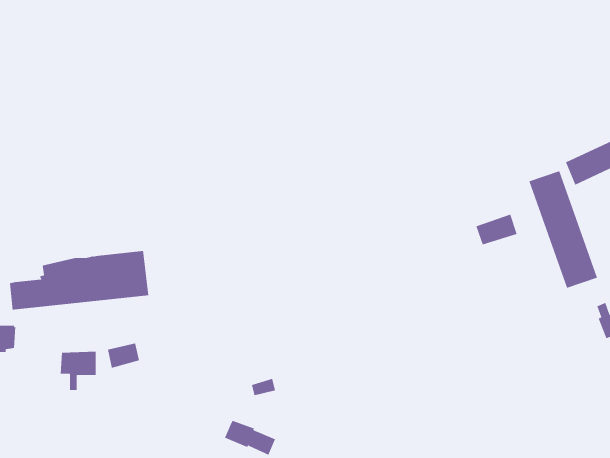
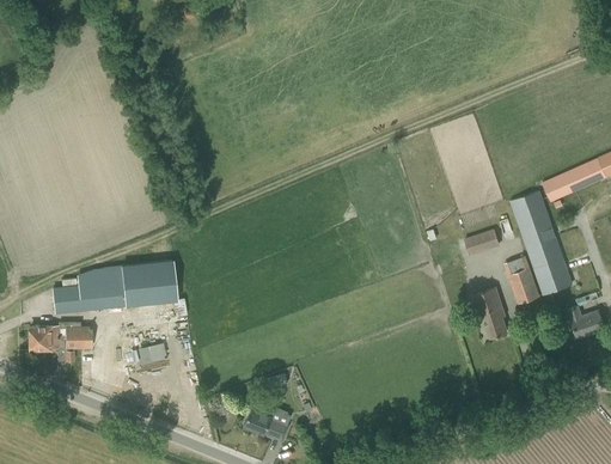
building: none -> [508,268,538,304]
building: none -> [471,285,507,337]
building: [60,351,96,391] -> [57,326,90,361]

